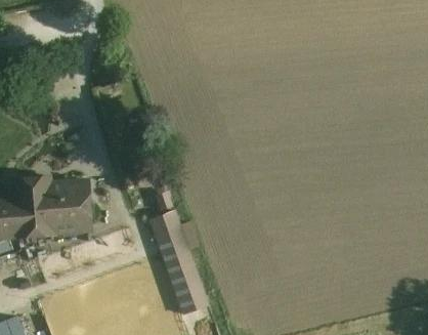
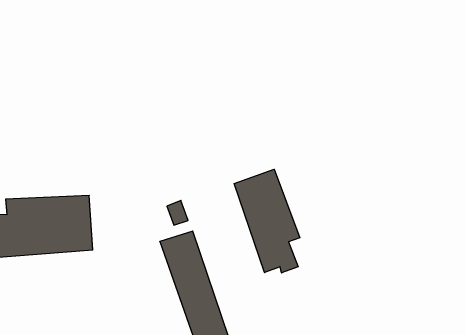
building: none -> [234,169,300,273]

